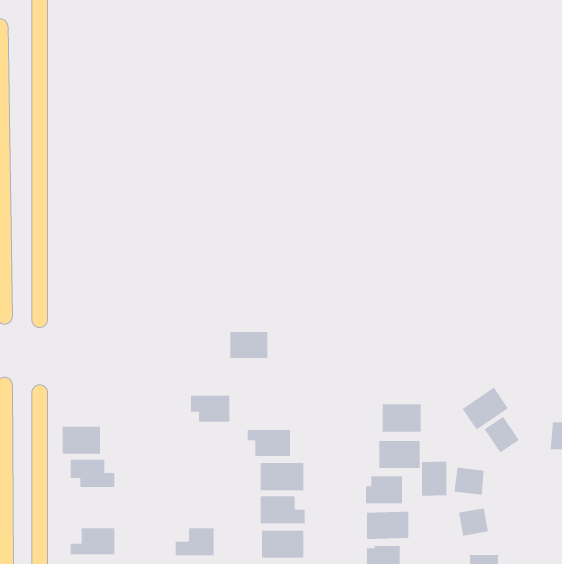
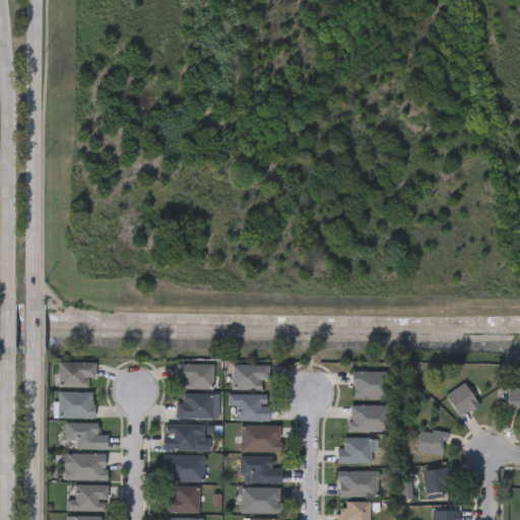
building: [230,331,268,359] -> [234,365,269,390]
building: [462,387,509,431] -> none
building: none -> [58,362,96,387]
building: none -> [177,393,213,418]
building: [421,461,447,496] -> none
building: none -> [165,425,210,451]
building: none -> [68,454,108,480]
building: none -> [165,456,205,481]

